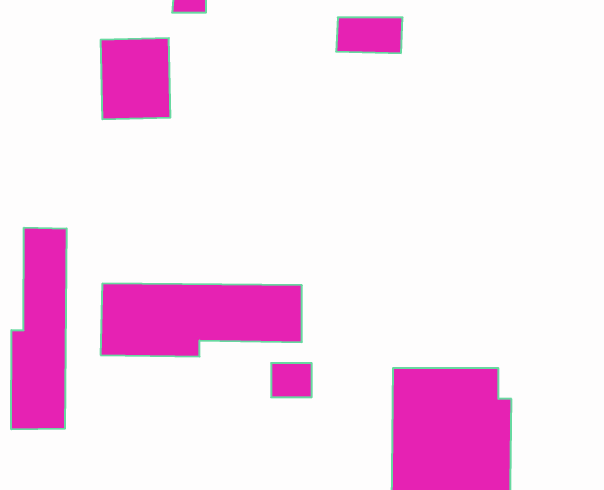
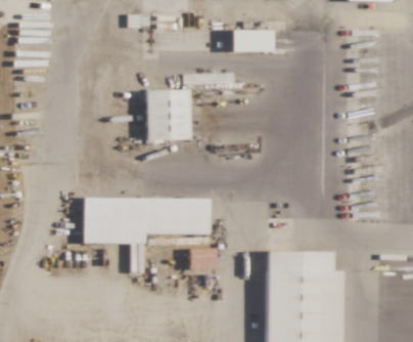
building: [101,38,170,119] -> [147,89,191,140]
building: [11,228,67,429] -> none

